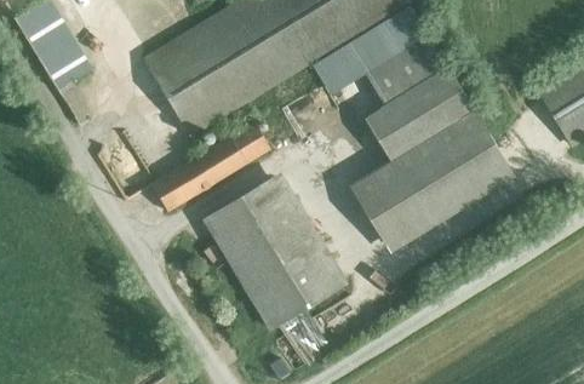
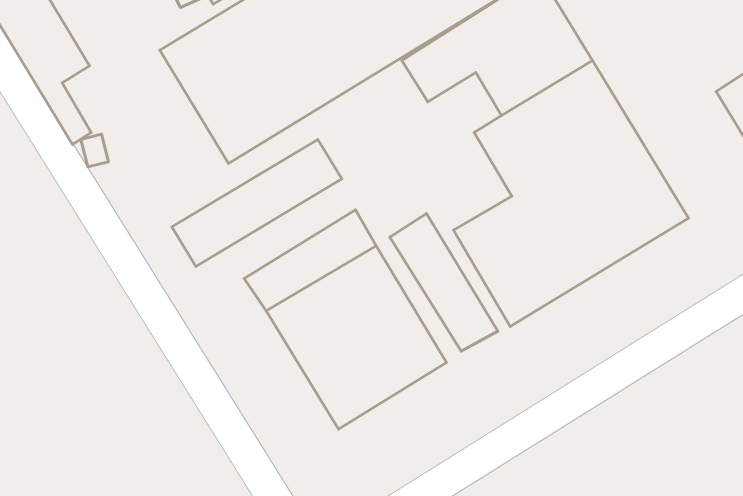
building: none -> [390,213,498,351]

